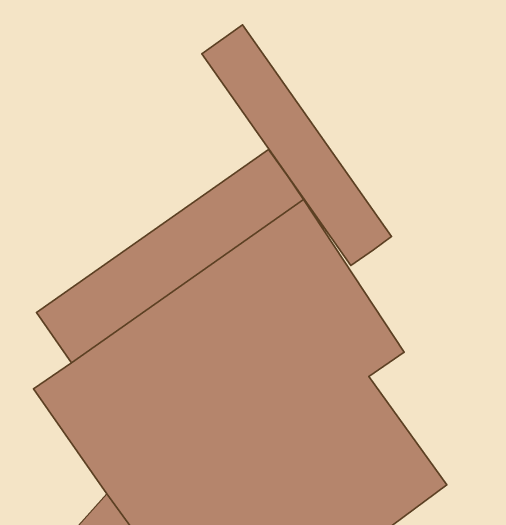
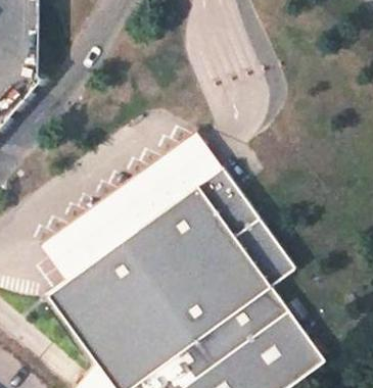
building: [202,25,392,266] -> none

